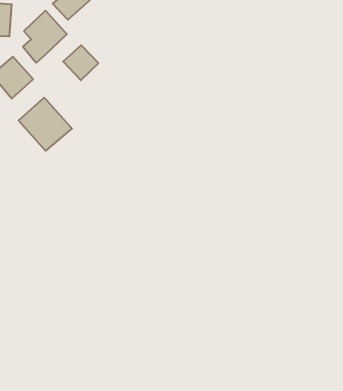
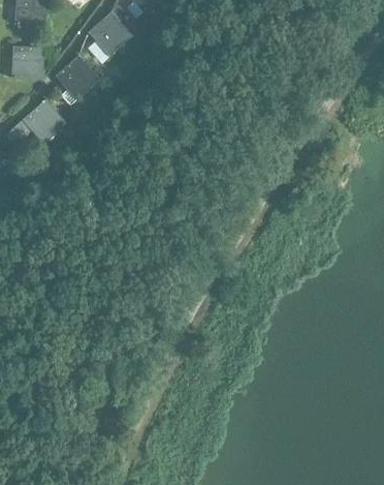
building: [63,45,98,80] -> none
building: [19,98,72,151] -> none

